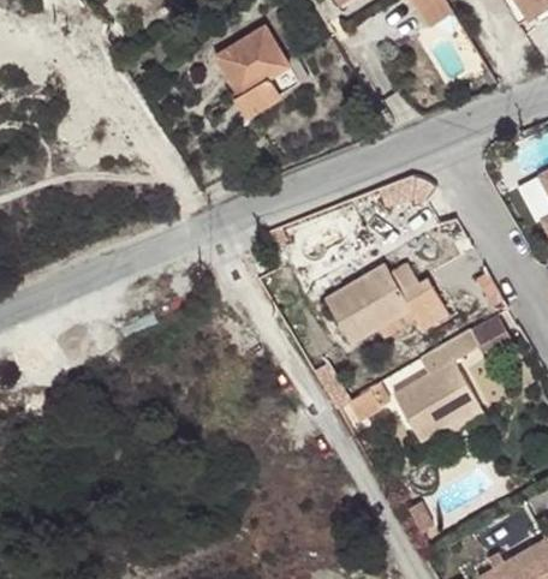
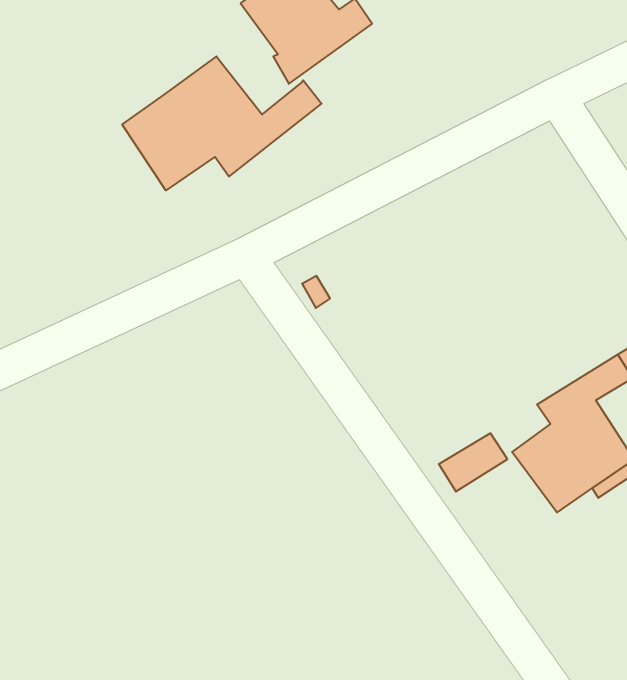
building: none -> [122,56,322,190]
building: [324,258,447,340] -> none

